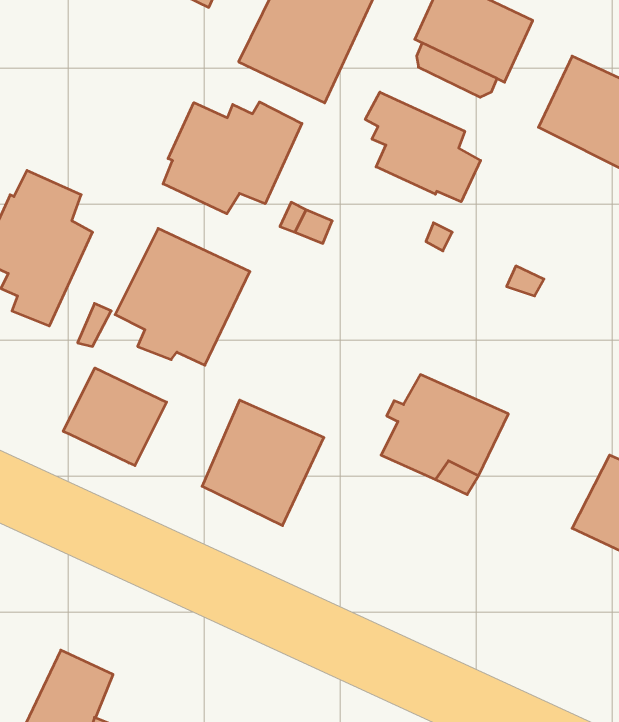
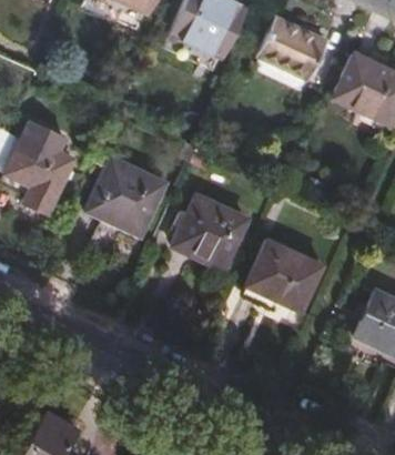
building: [365,92,481,202] -> none
building: [163,102,302,214] -> none
building: [63,368,167,466] -> none
building: [202,400,324,526] -> [171,201,243,275]

